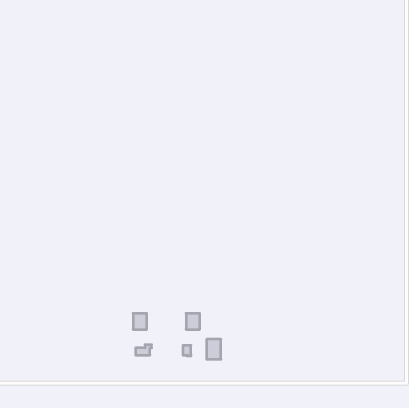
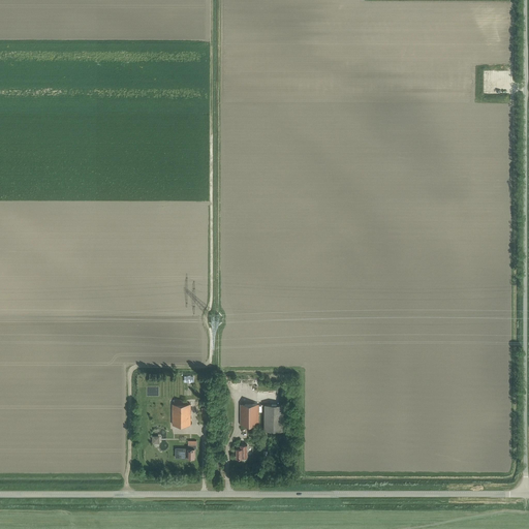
building: [207,339,221,359] -> [263,406,282,432]

